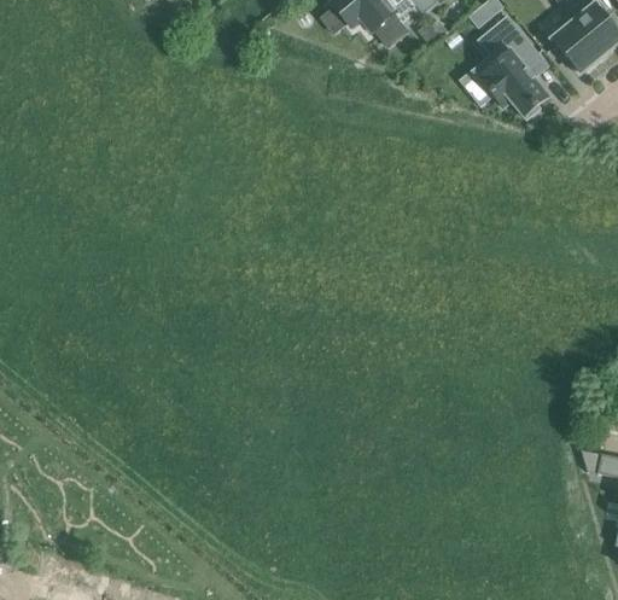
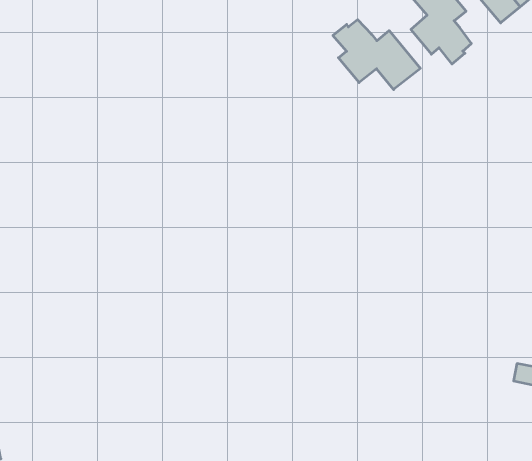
building: none -> [333,20,420,90]

